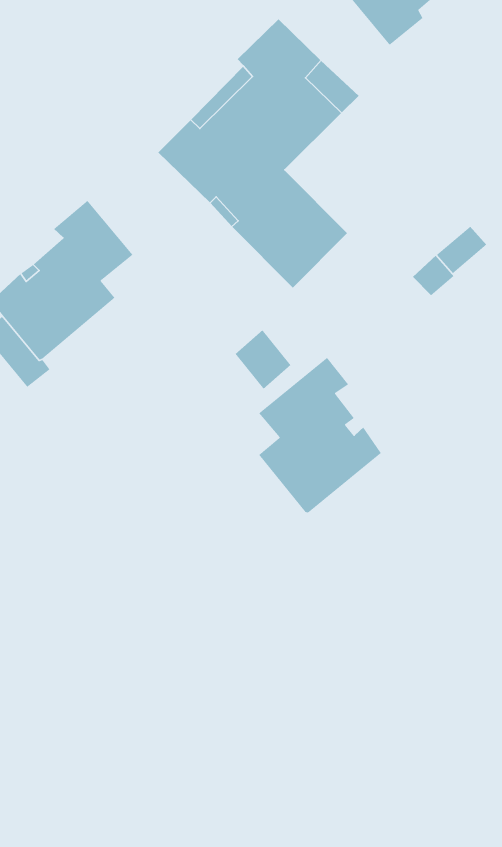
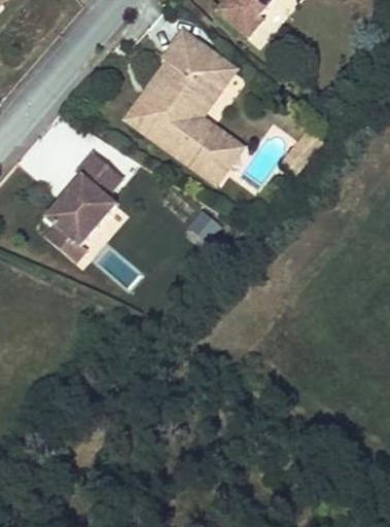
building: [258,357,382,514] -> none

